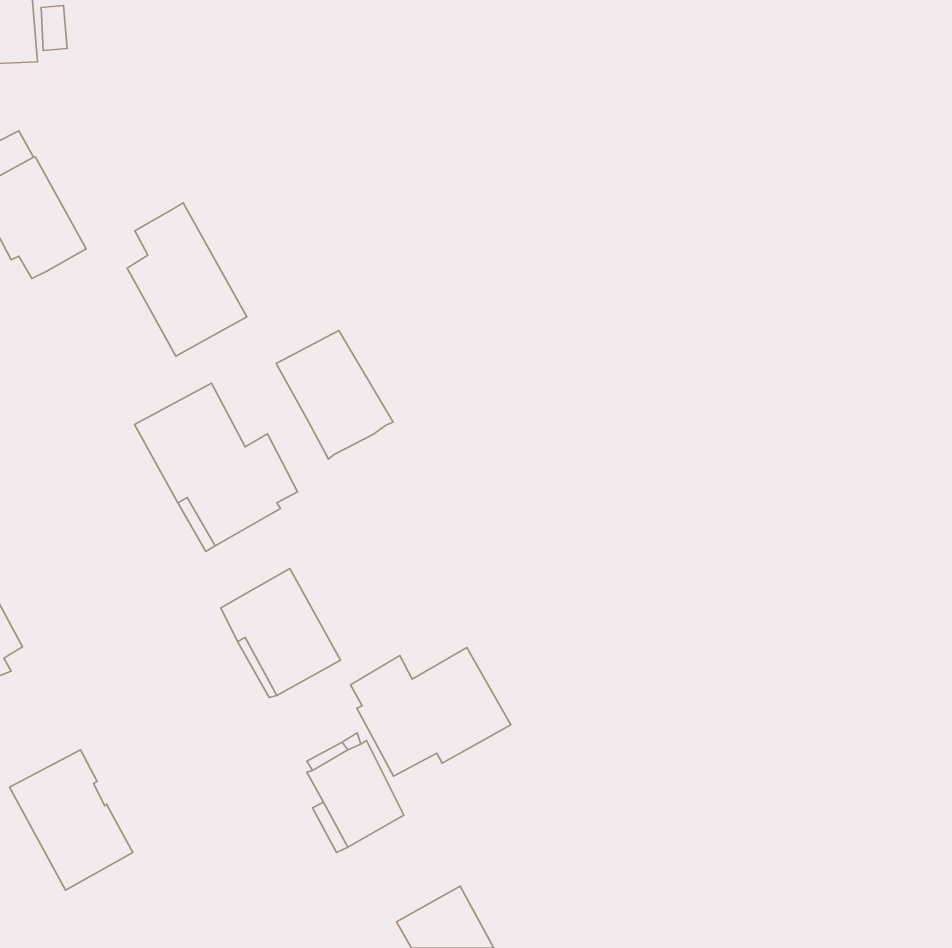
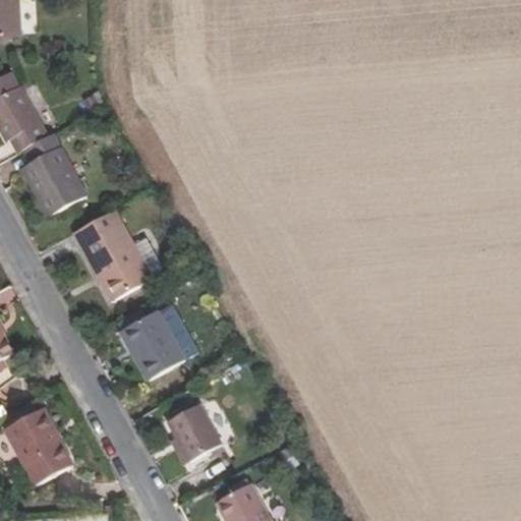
building: [127,203,247,356] -> [21,132,86,216]
building: [276,330,393,459] -> none
building: [351,647,511,776] -> none

